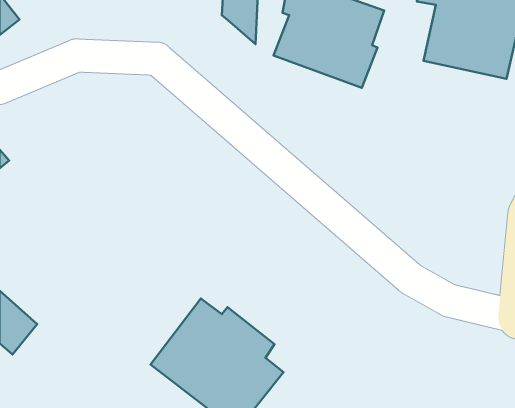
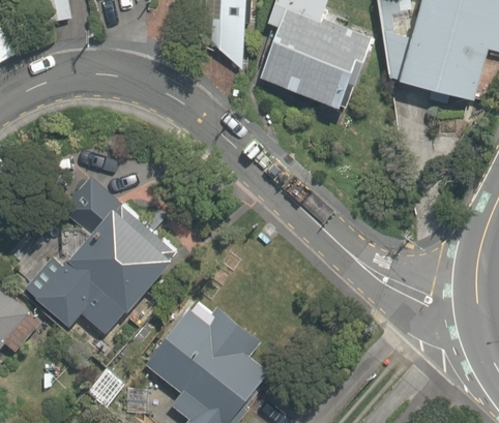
building: none -> [25,177,176,334]

